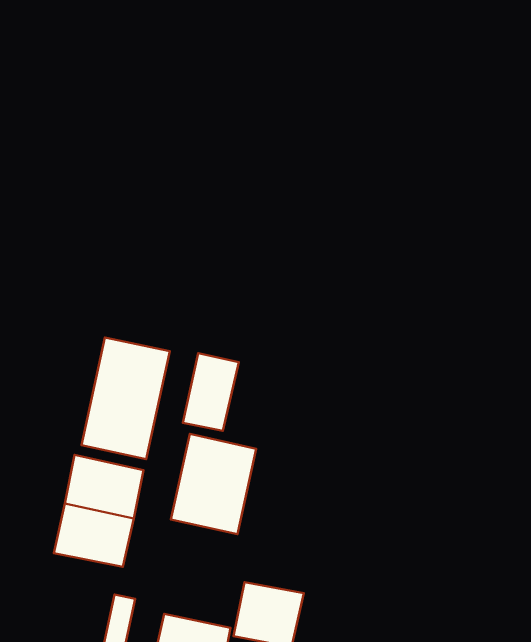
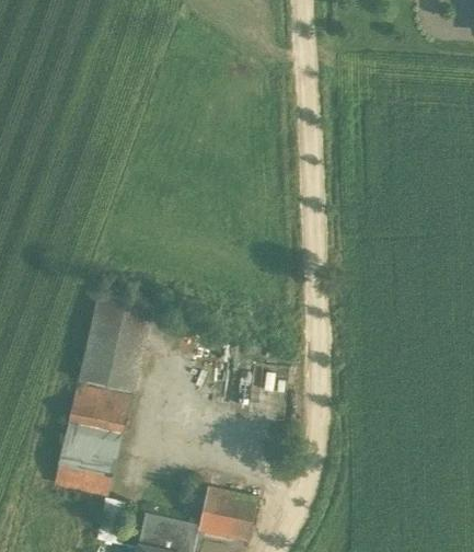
building: [183,353,239,431] -> none
building: [171,434,256,534] -> none
building: none -> [54,465,113,496]

